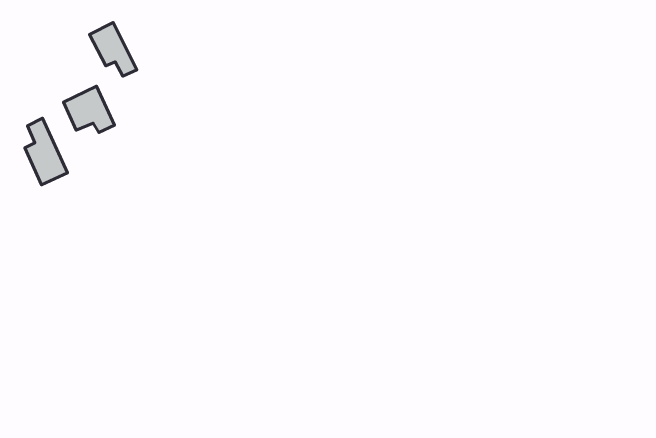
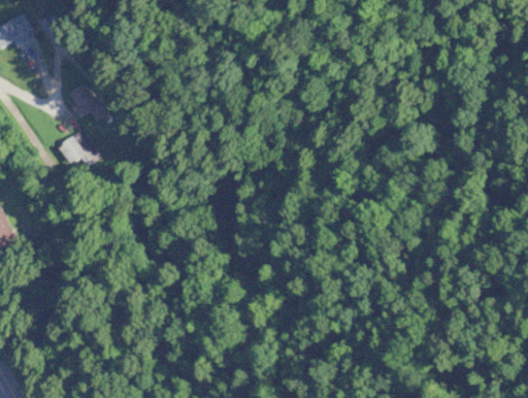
building: [25,118,68,185] -> none

